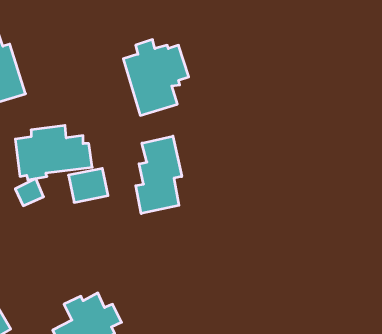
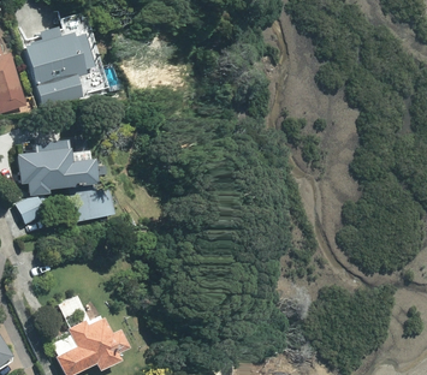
building: [123,40,189,115] -> [25,25,95,106]
building: [136,136,182,214] -> none

